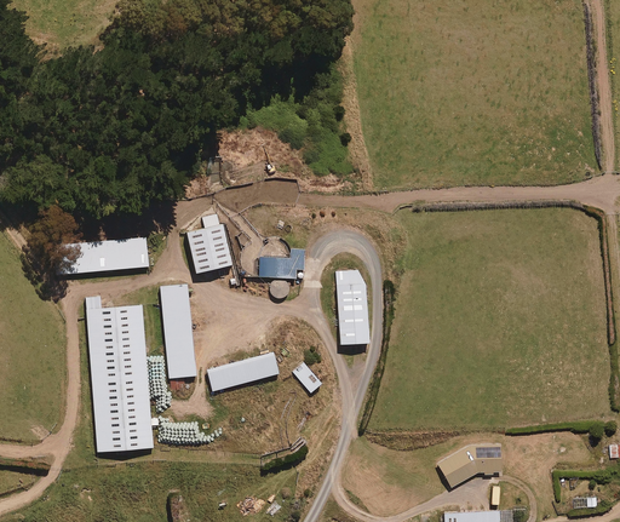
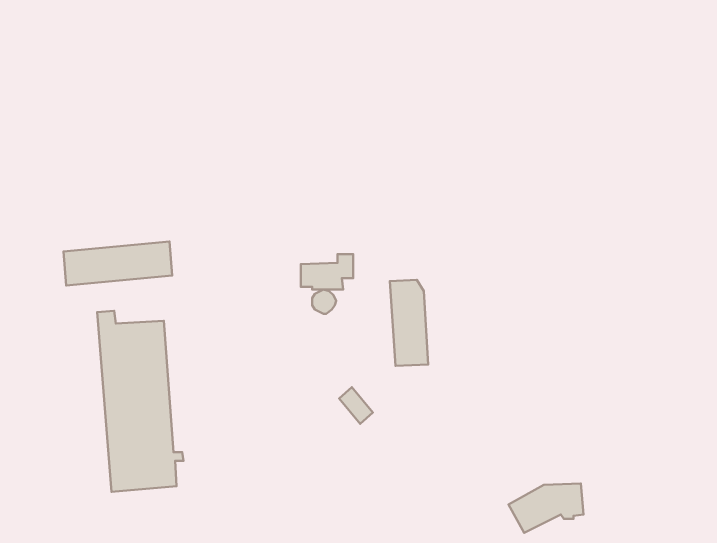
building: [185,214,230,273] -> none
building: [159,283,195,378] -> none
building: [206,352,279,391] -> none

